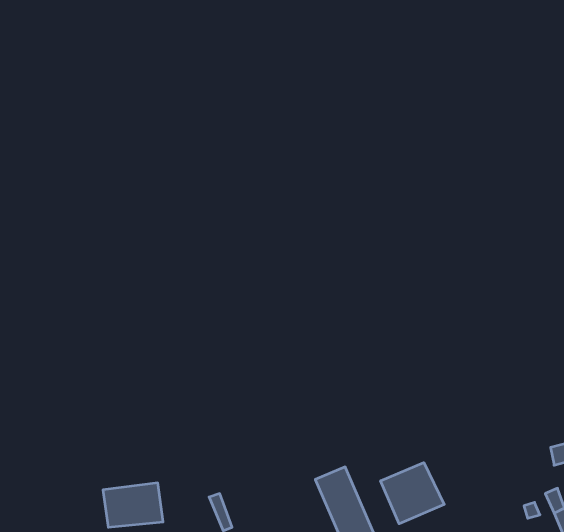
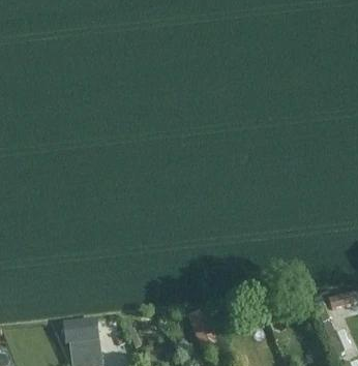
building: [381,463,444,524] -> none

